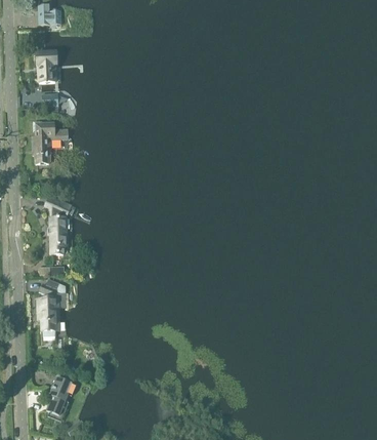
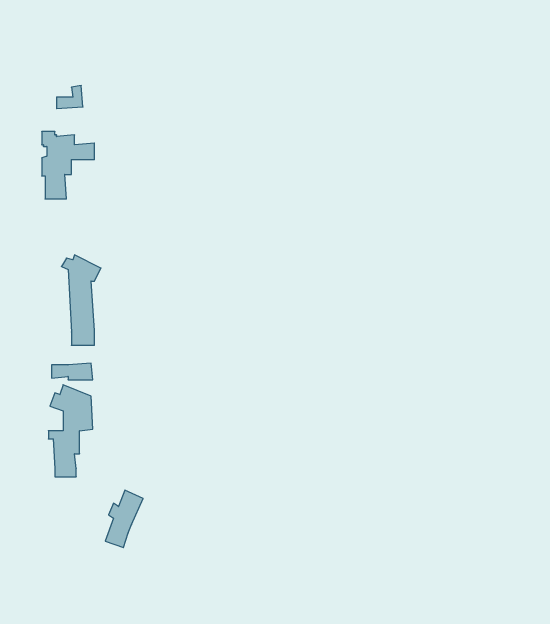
building: [38,50,60,81] -> none
building: [48,378,72,414] -> [105,490,143,548]

